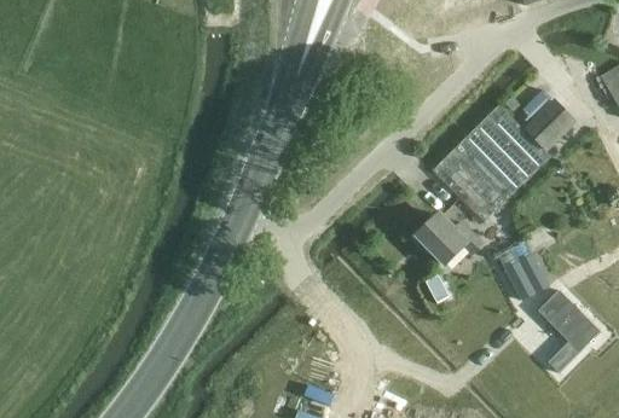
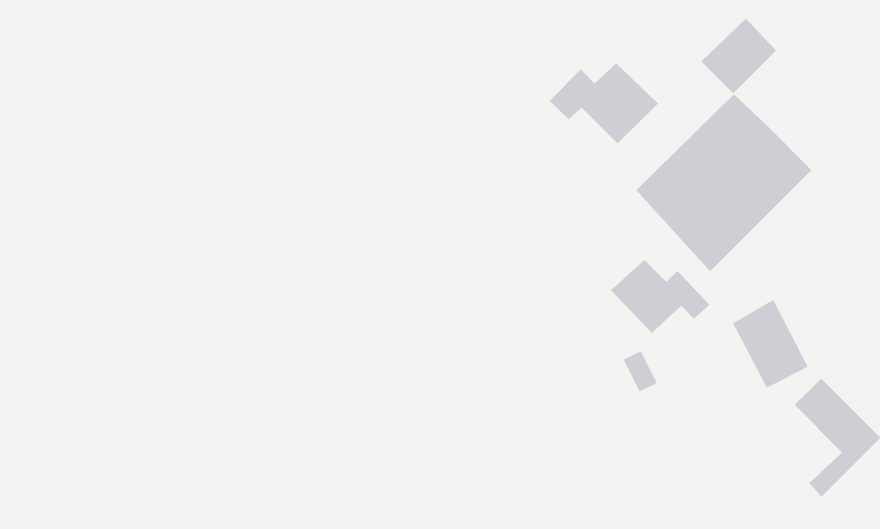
building: none -> [549,63,659,144]
building: [523,98,574,149] -> [700,18,777,94]

